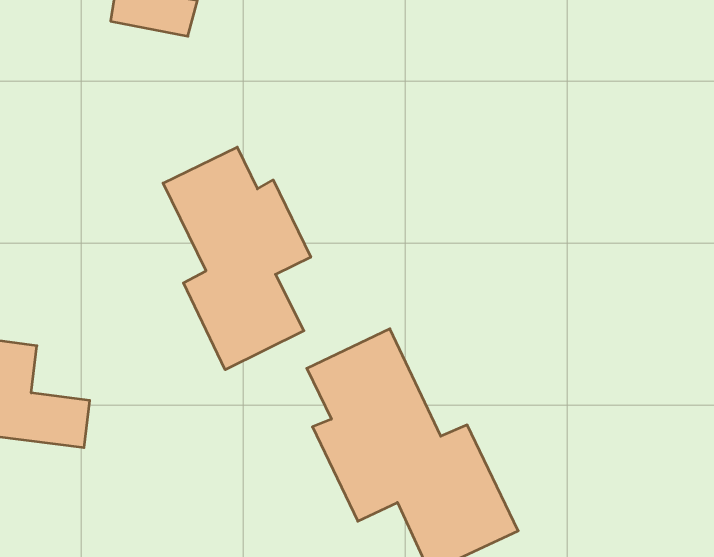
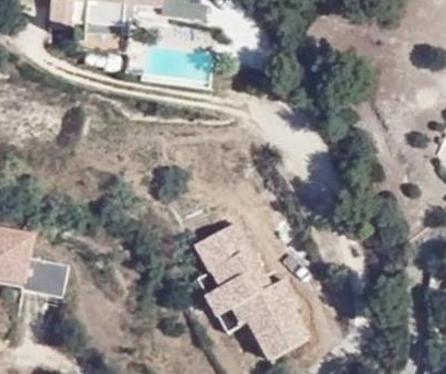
building: [163,147,311,370] -> none

